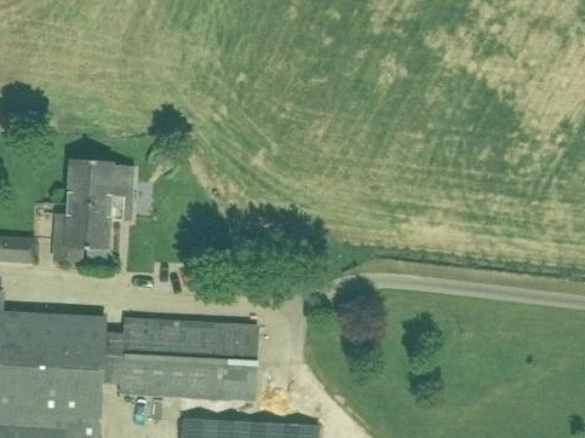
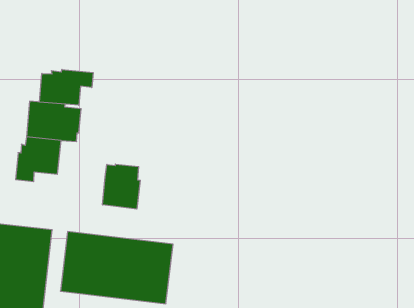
building: none -> [40,69,93,105]
building: none -> [103,164,140,209]

